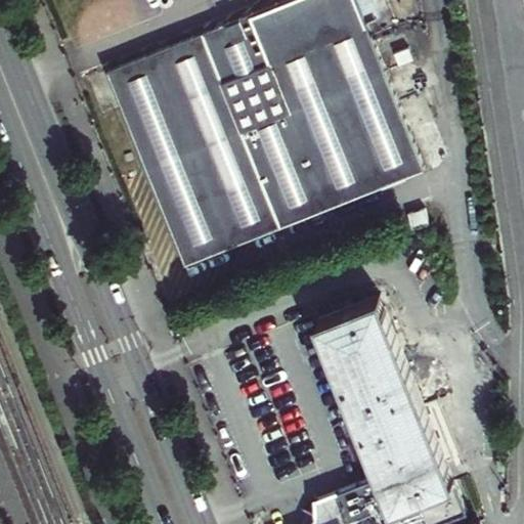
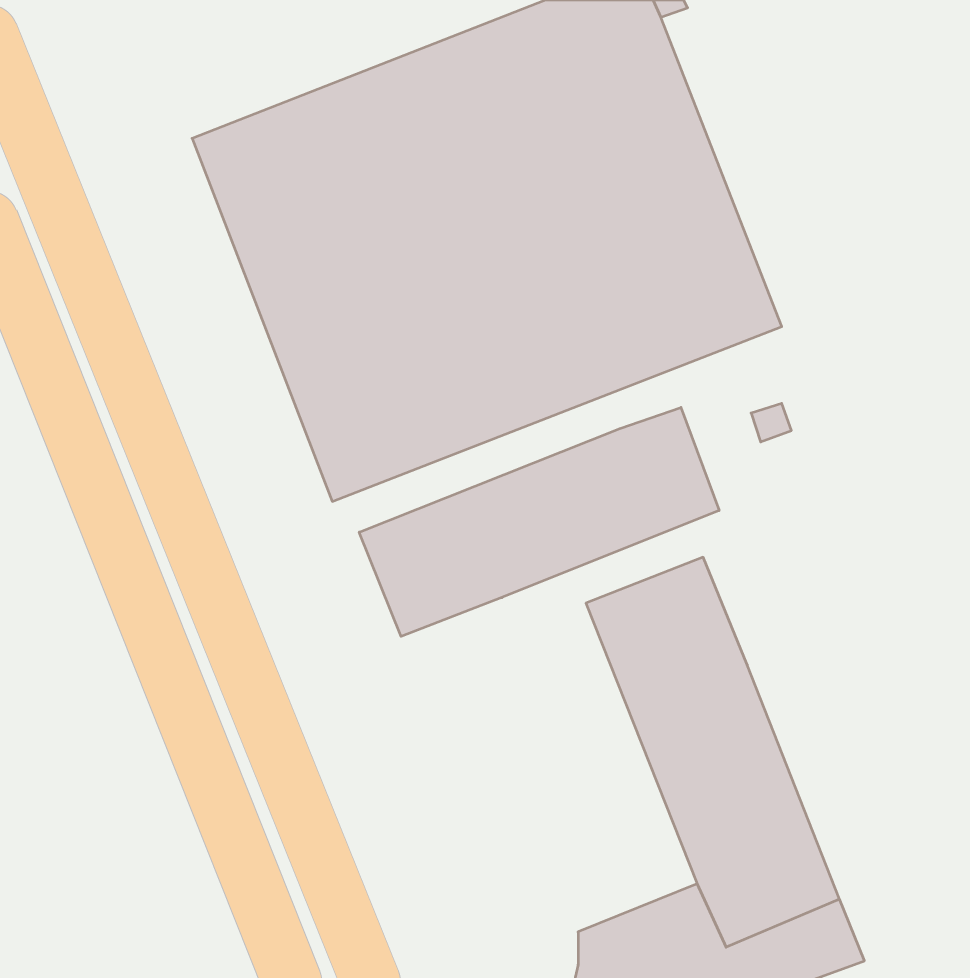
building: none -> [359,407,719,636]

